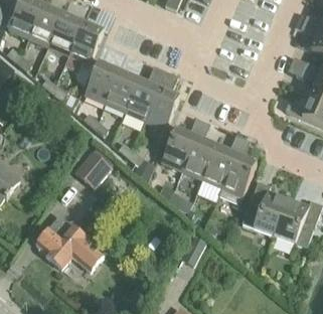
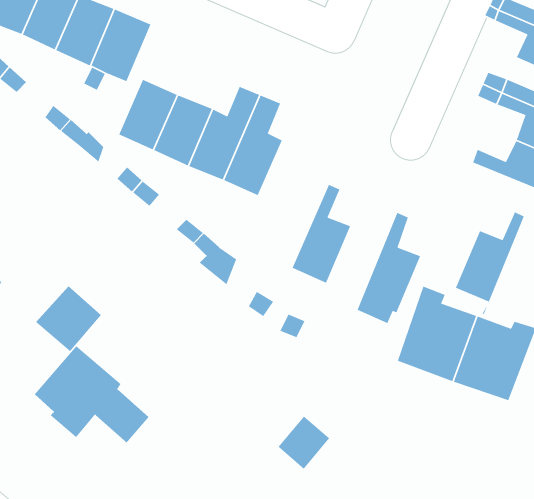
building: [163,119,204,170] -> none
building: [203,135,244,194] -> [455,211,525,314]
building: [72,149,111,187] -> [35,285,102,352]

